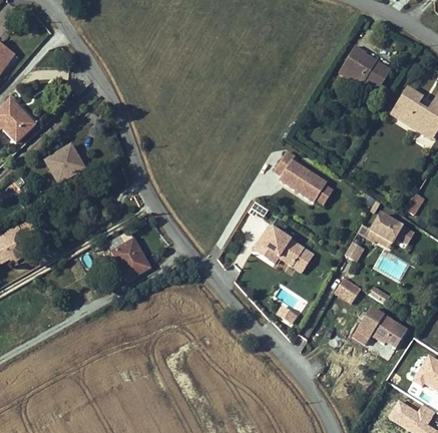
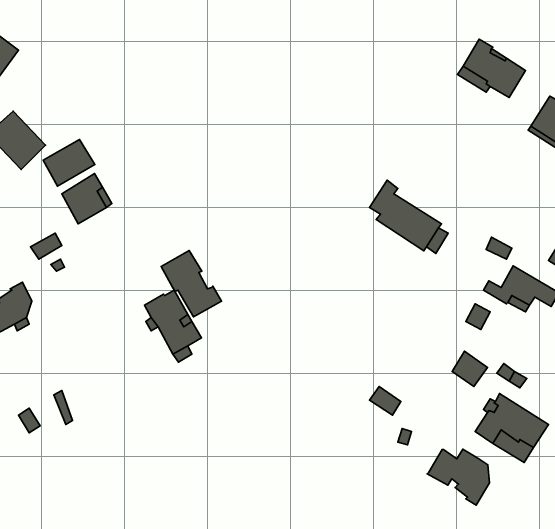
building: none -> [43,140,95,186]
building: none -> [161,250,221,317]
building: [251,222,314,274] -> none
building: none -> [427,449,490,505]

